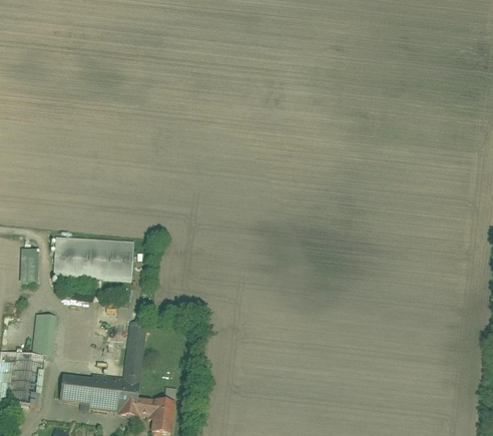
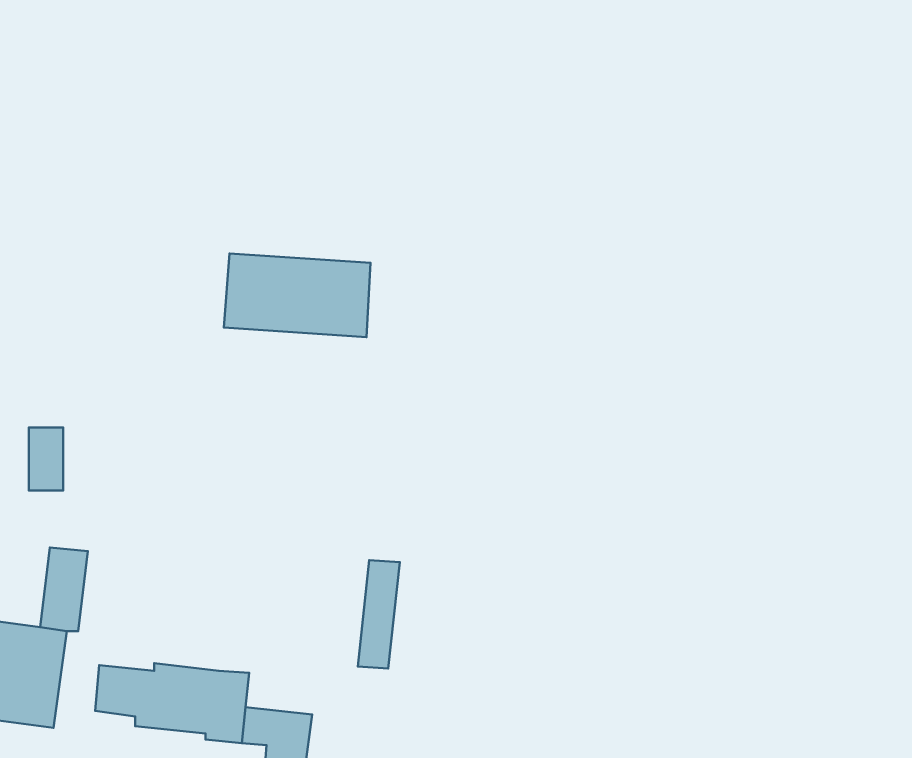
building: [54,236,131,280] -> [224,253,370,337]
building: [123,321,145,378] -> [358,560,400,669]

